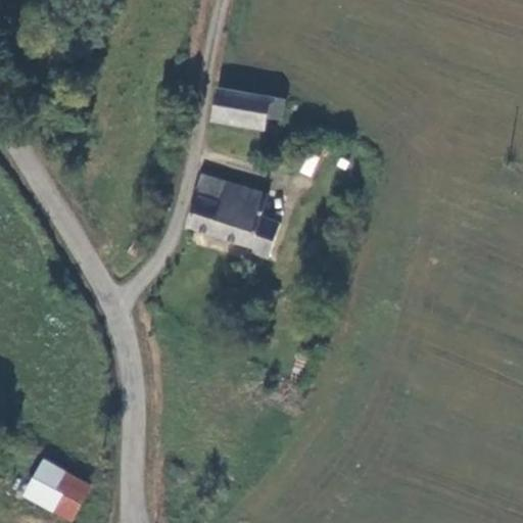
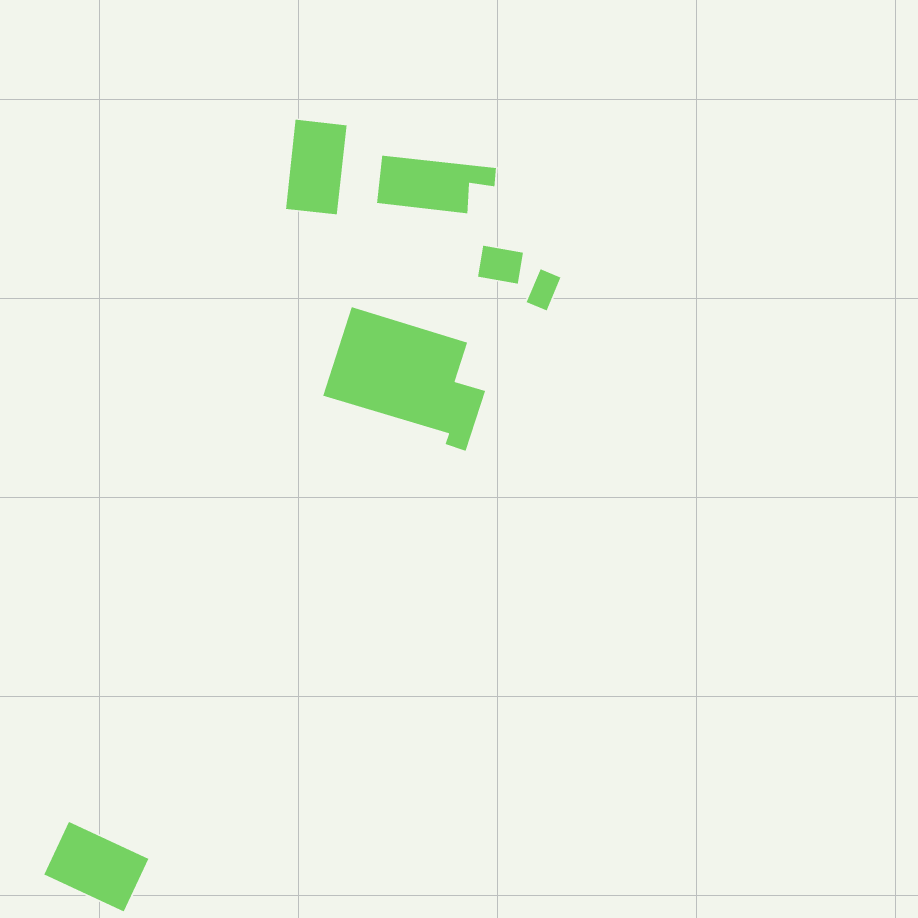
building: none -> [285,119,347,215]

